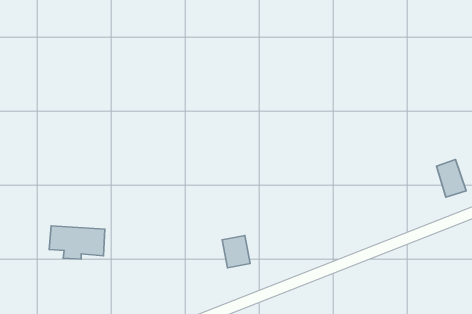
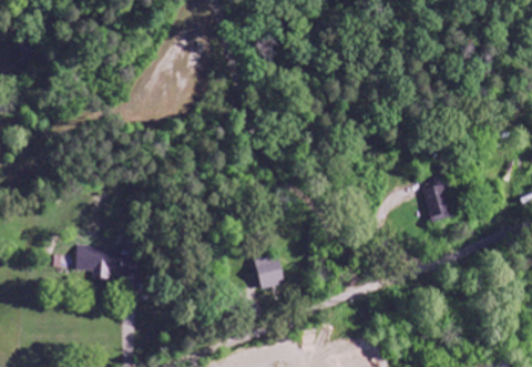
building: [436,160,466,197] -> [421,184,452,223]

